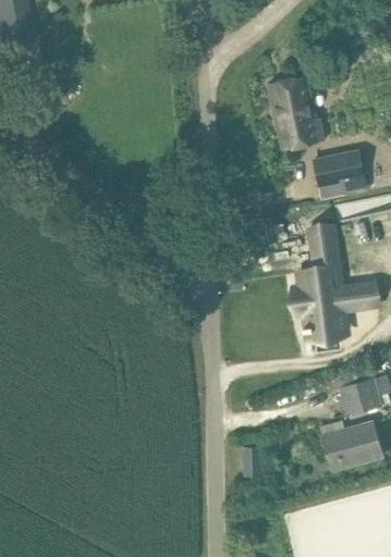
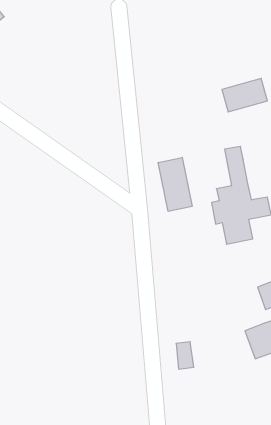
building: [268,76,323,149] -> none
building: none -> [158,157,192,211]

